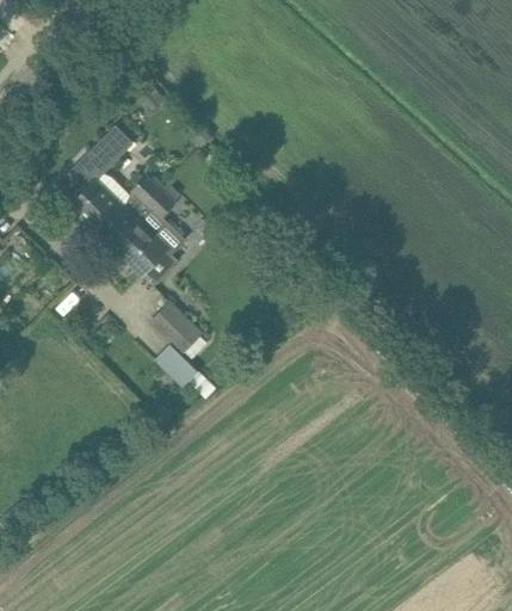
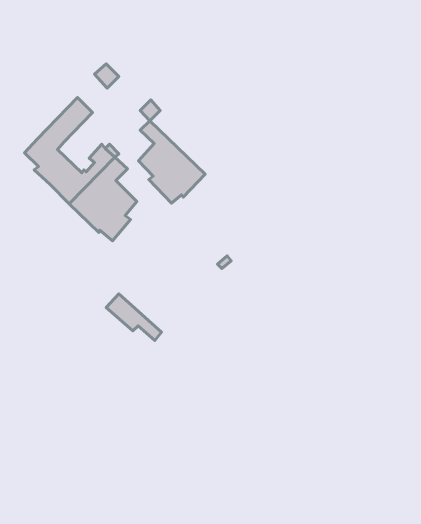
building: none -> [138,121,205,203]
building: [150,301,203,353] -> none

